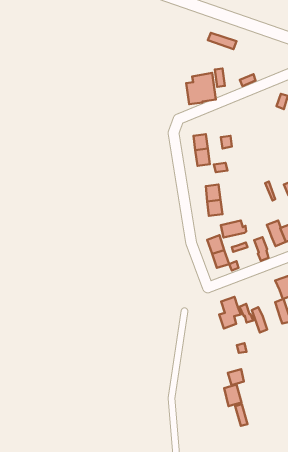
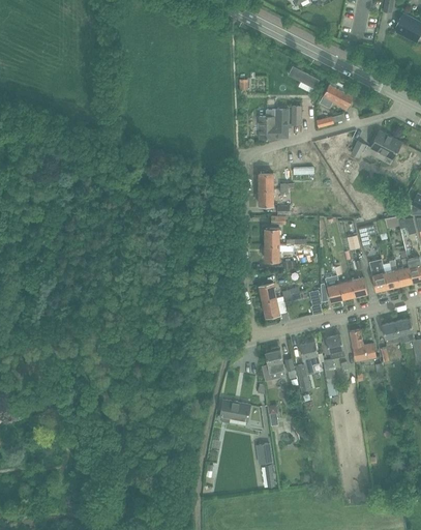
building: none -> [320,85,352,110]
building: none -> [299,341,319,373]
building: none -> [219,399,249,422]

